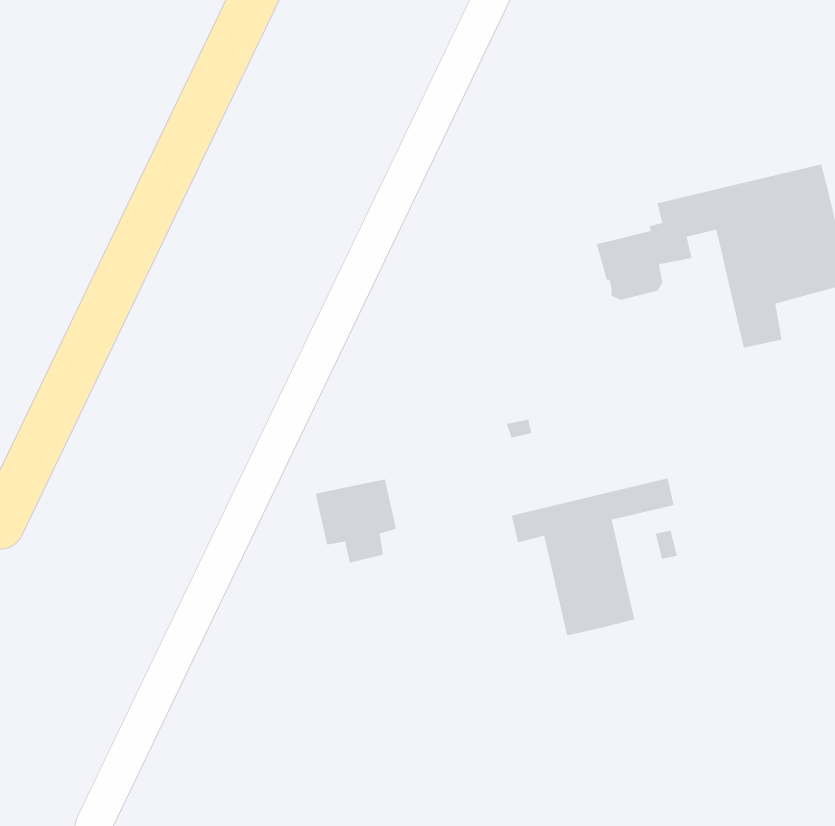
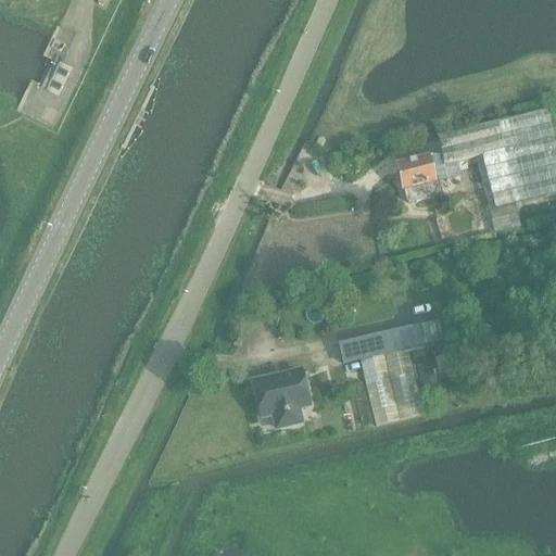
building: [315,478,397,563] -> [253,368,307,425]

